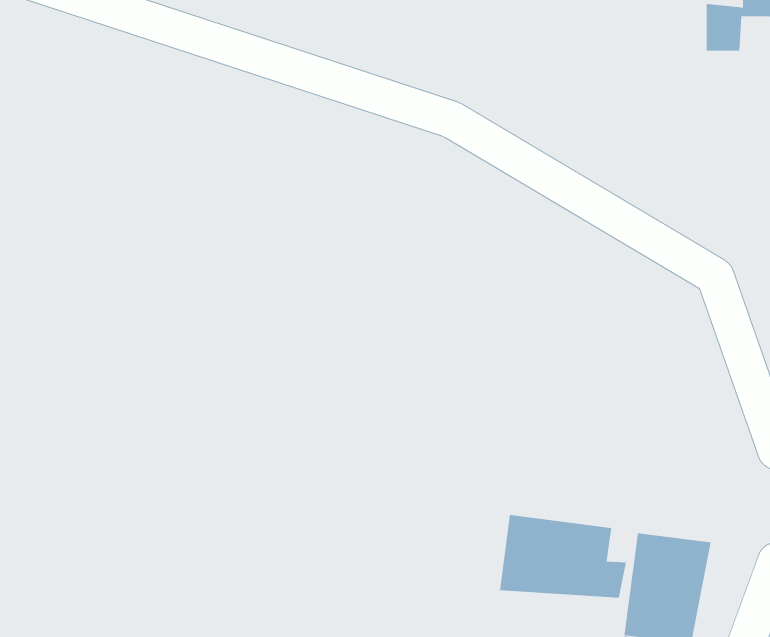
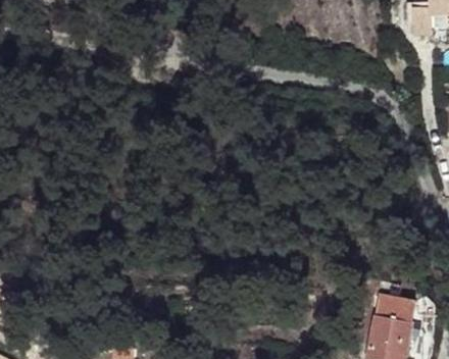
building: [500,514,627,599] -> none

